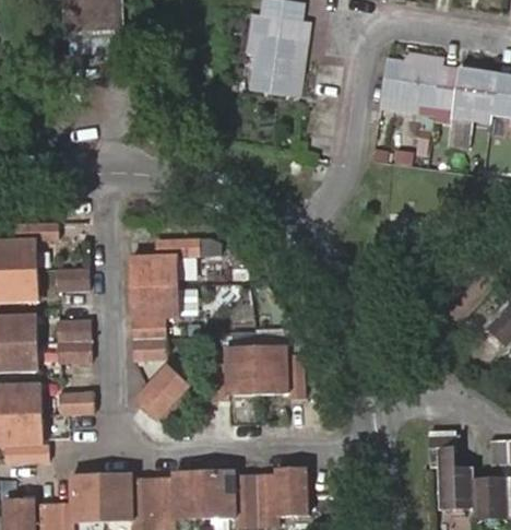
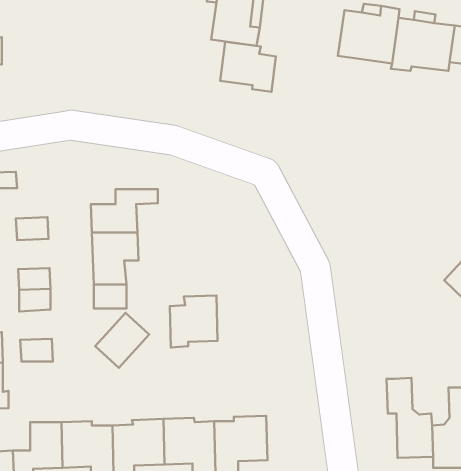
building: none -> [220,42,276,92]
building: [258,346,305,398] -> none

